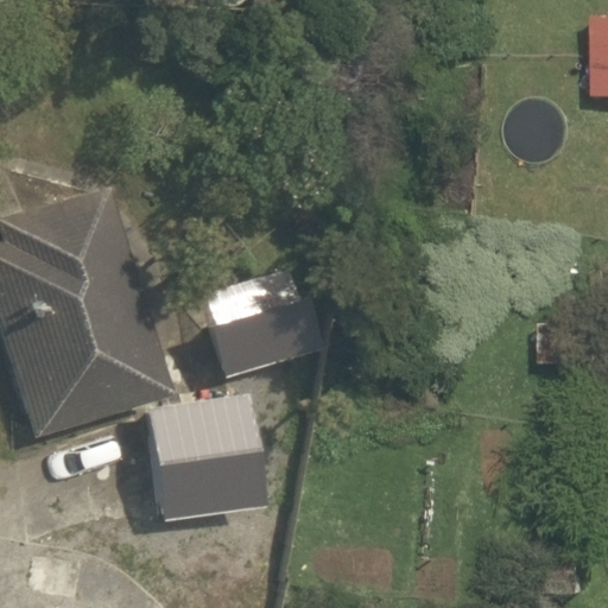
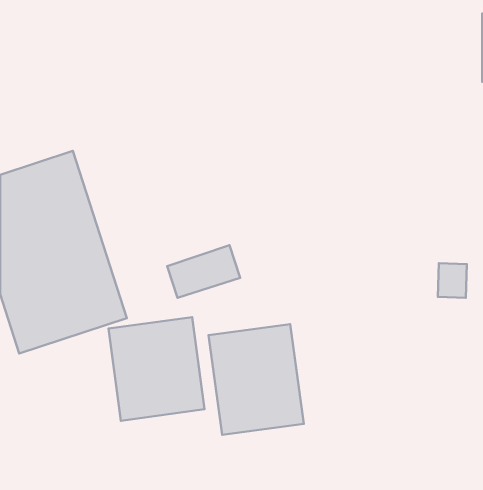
building: none -> [209,324,304,435]

